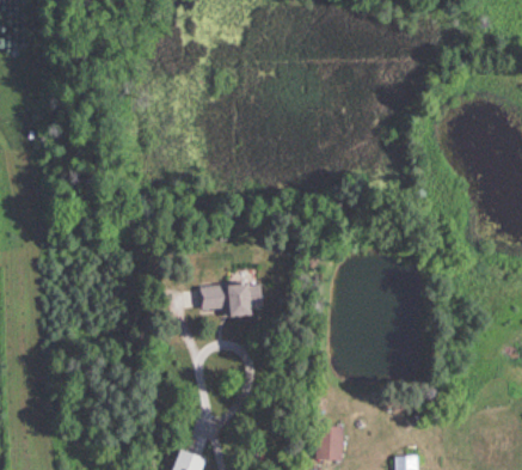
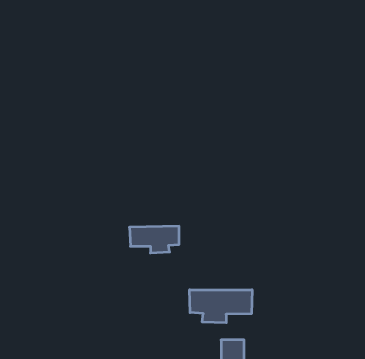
building: none -> [190,290,252,323]

